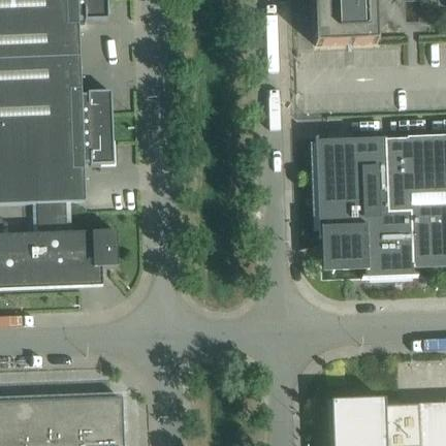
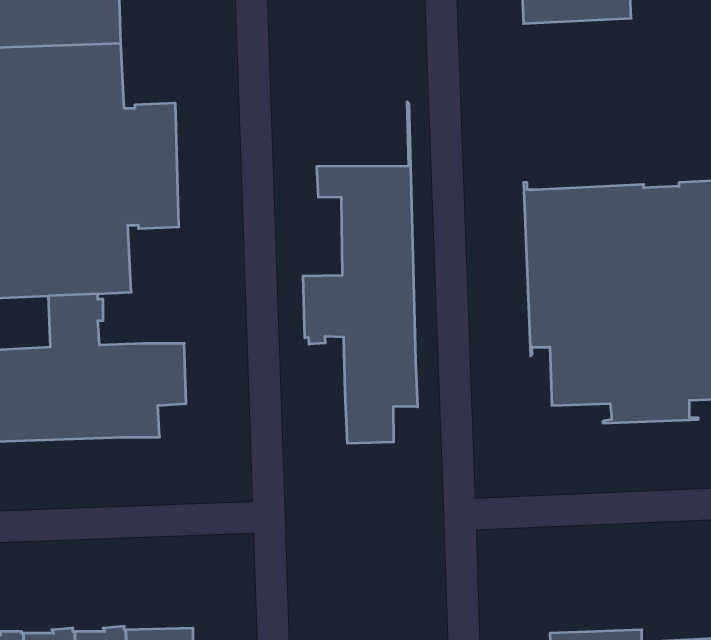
building: none -> [303,102,418,443]

